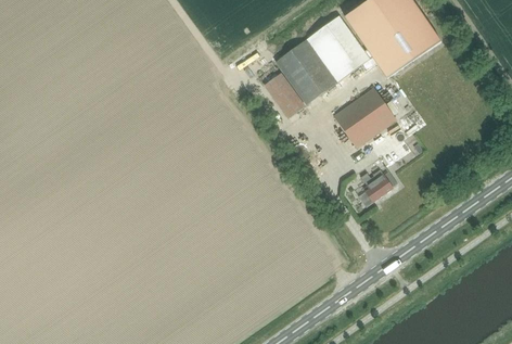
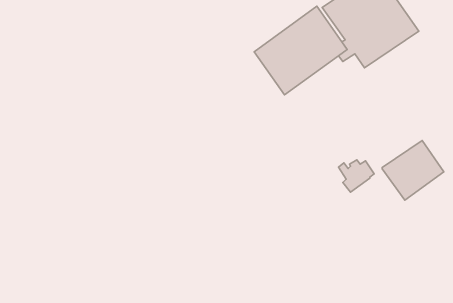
building: [263,72,304,117] -> none
building: [333,88,395,148] -> [382,141,444,200]

